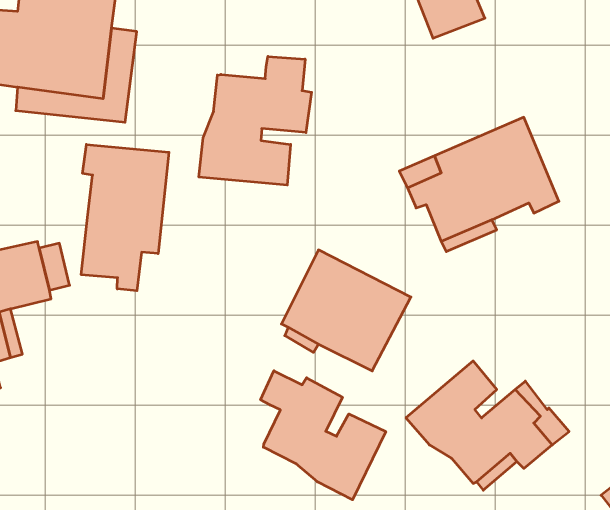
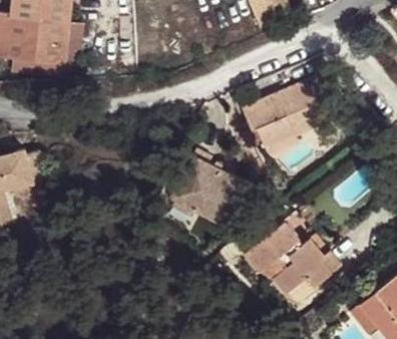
building: [199,56,312,185] -> none
building: [81,144,169,291] -> none
building: [261,371,386,500] -> none

